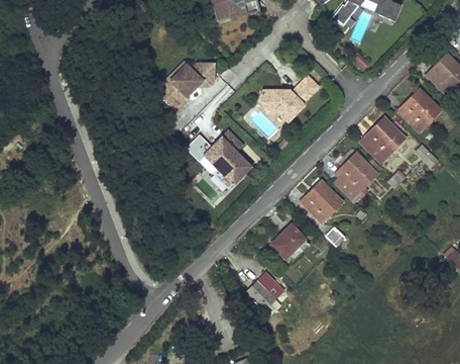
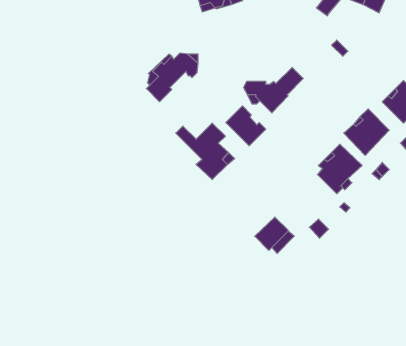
building: none -> [226,106,266,146]
building: [300,181,342,223] -> none
building: [246,273,282,310] -> none

